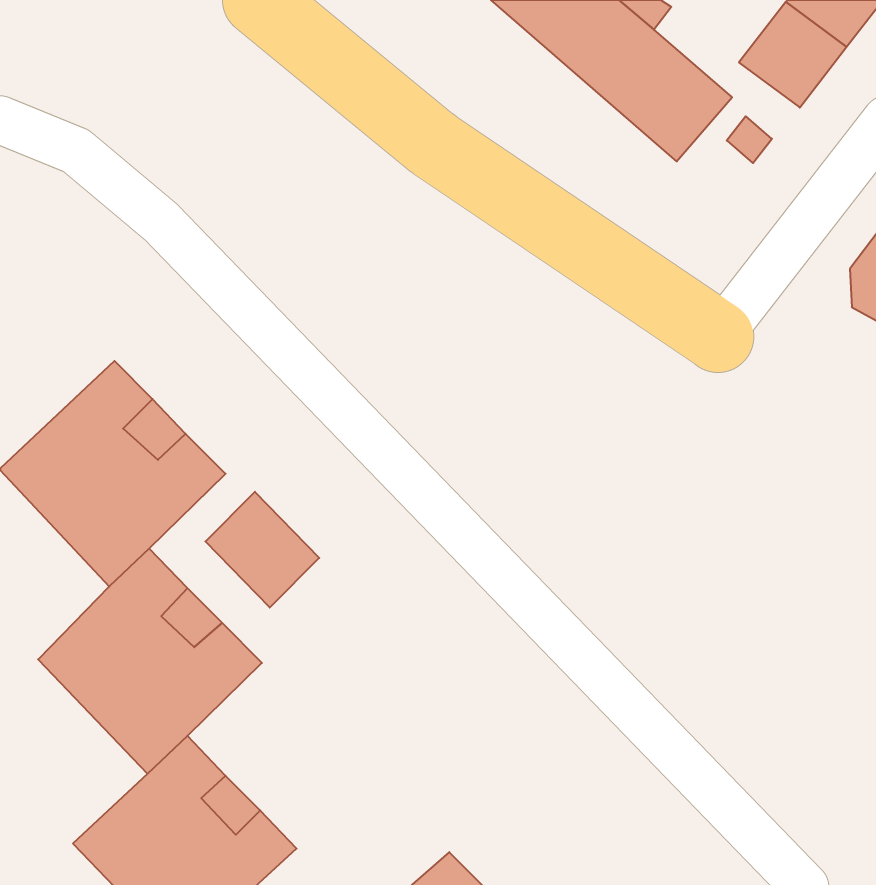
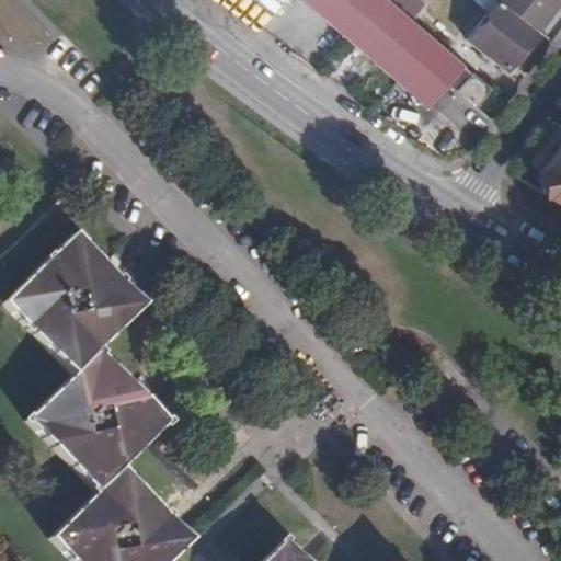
building: [205,492,319,608] -> none

